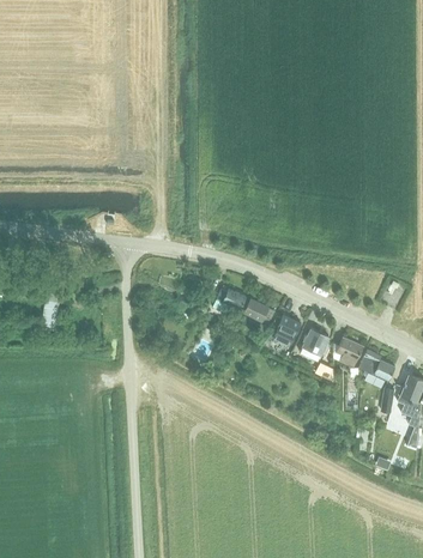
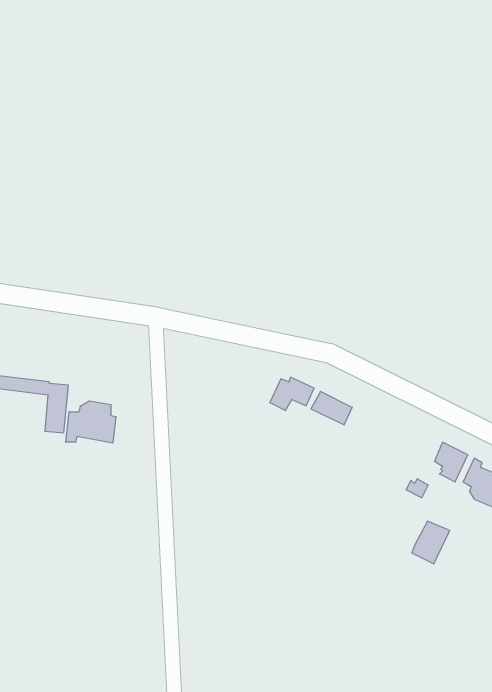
building: none -> [66,401,116,443]
building: [272,313,301,344] -> none
building: [300,327,328,359] -> [412,521,450,564]

